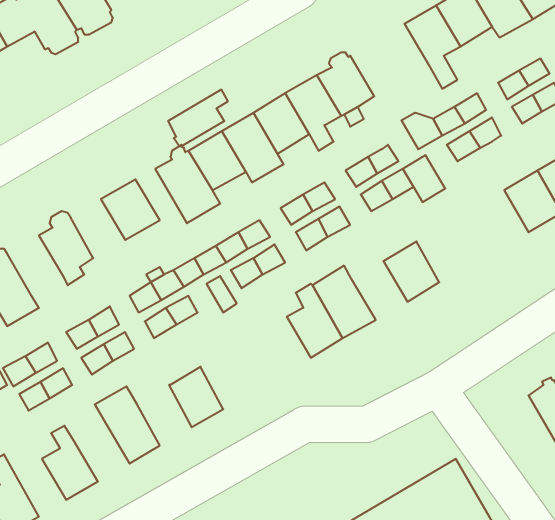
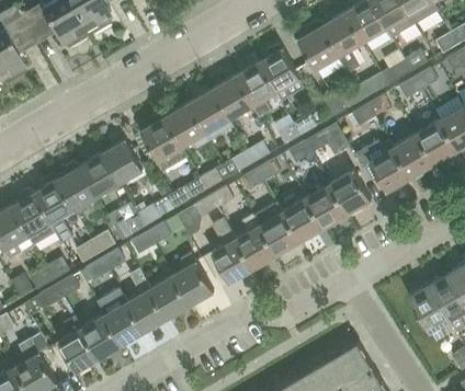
building: none -> [297,22,339,70]
building: [168,89,228,146] -> none
building: none -> [355,140,411,192]
building: none -> [79,153,118,196]
building: none -> [330,170,371,214]
building: none -> [33,180,73,242]
building: none -> [283,198,324,241]
building: none -> [213,218,253,281]
building: none -> [173,252,214,306]
building: none -> [127,268,167,332]
building: none -> [81,315,122,358]

